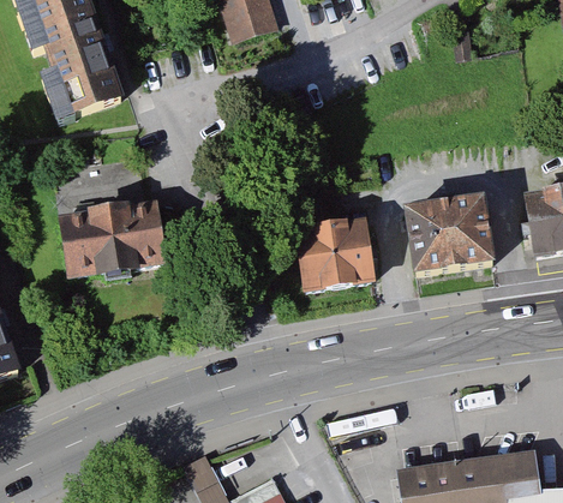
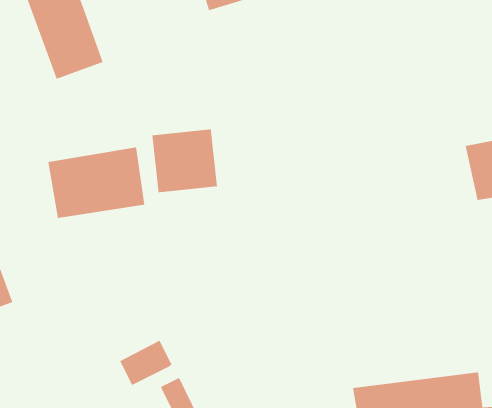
building: [405,191,496,276] -> none
building: [298,217,372,289] -> [151,129,218,193]
building: none -> [119,340,172,386]

